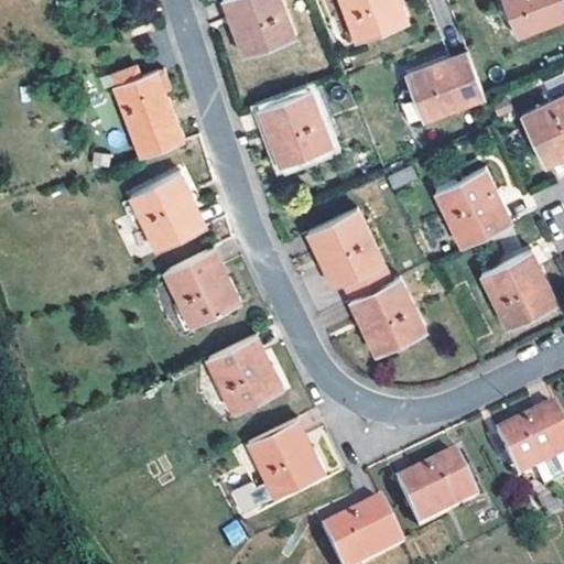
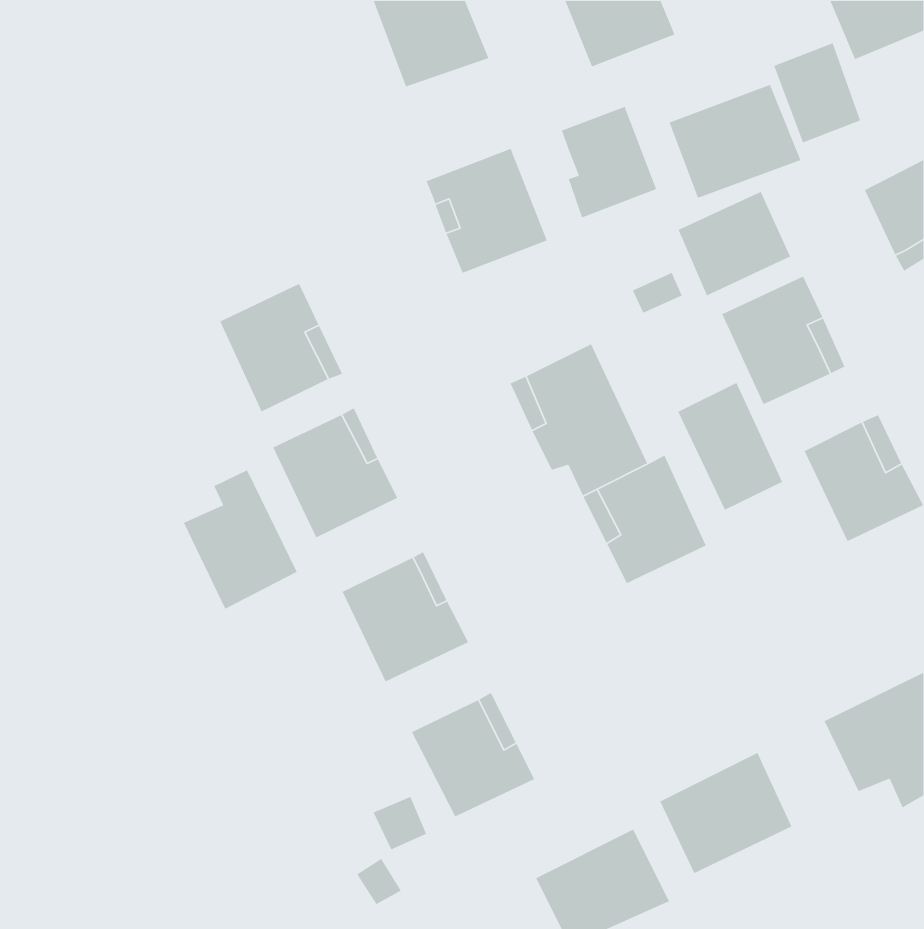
building: none -> [773,42,861,143]
building: none -> [561,106,657,218]
building: [113,67,183,159] -> none
building: none -> [678,191,791,296]
building: none -> [677,382,783,511]
building: none -> [183,469,298,610]

